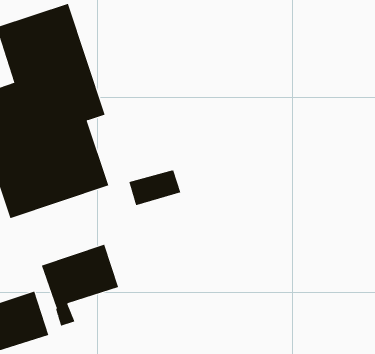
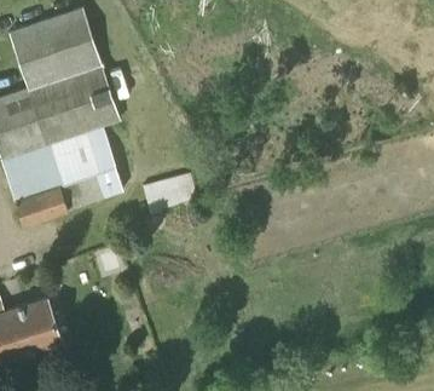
building: [41,244,119,326] -> none

